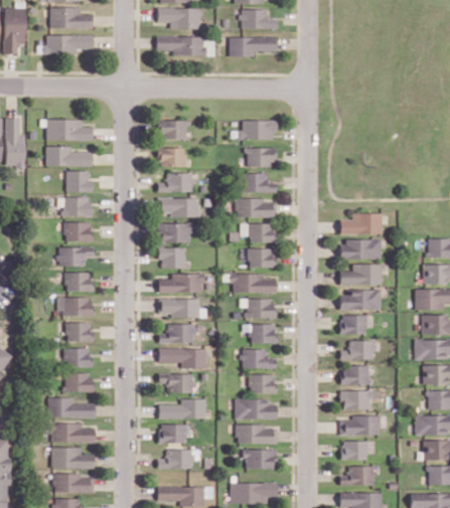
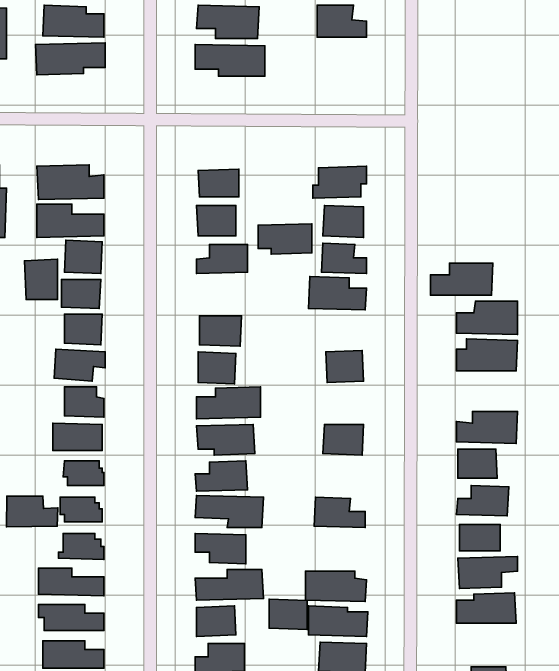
building: [230,35,276,57] -> none
building: none -> [25,259,58,300]
building: [161,197,198,218] -> [258,224,312,254]
building: [240,221,275,243] -> none
building: [338,264,382,286] -> [431,263,493,295]
building: [231,273,275,294] -> none
building: [249,323,275,344] -> none
building: none -> [6,496,58,527]
building: [248,373,274,394] -> [269,599,307,630]
building: [340,441,367,461] -> none

